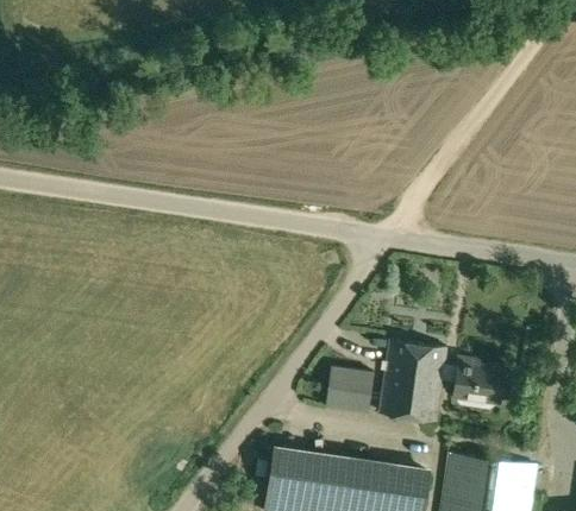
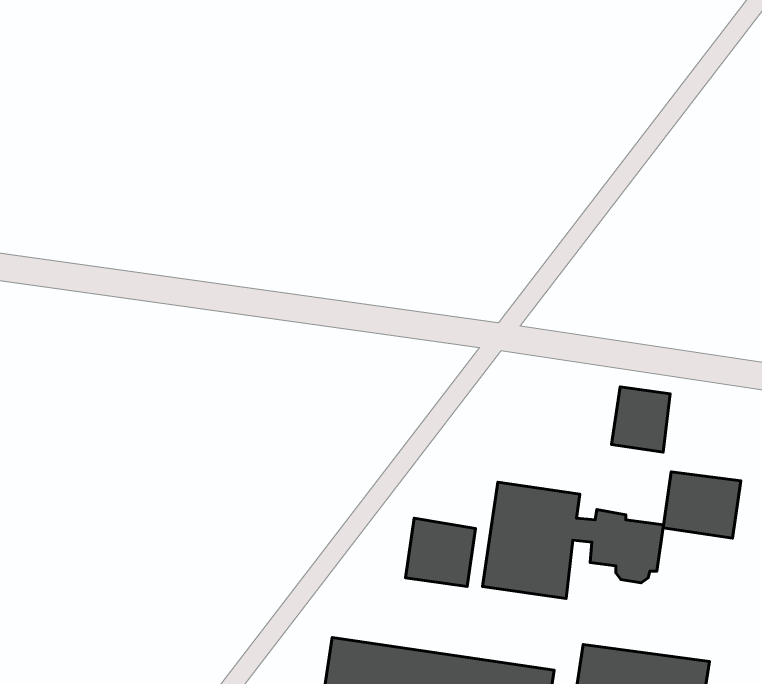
building: none -> [612,387,670,452]
building: none -> [663,472,741,538]

